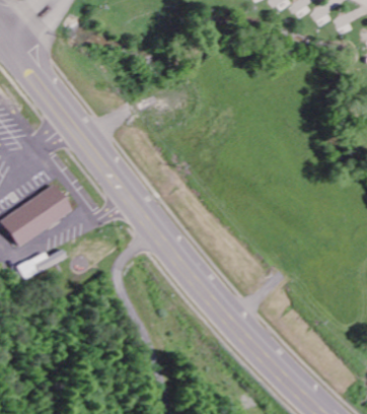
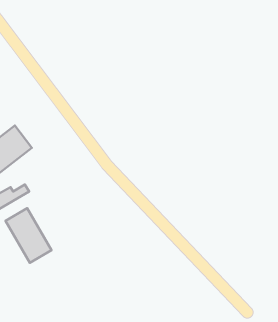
building: none -> [5,208,51,263]

